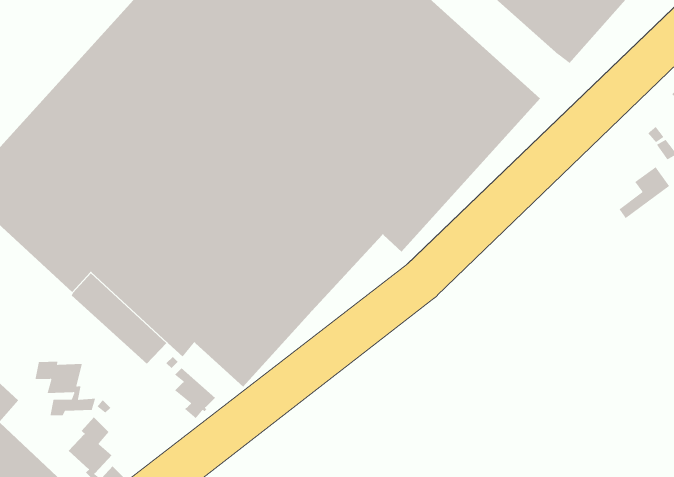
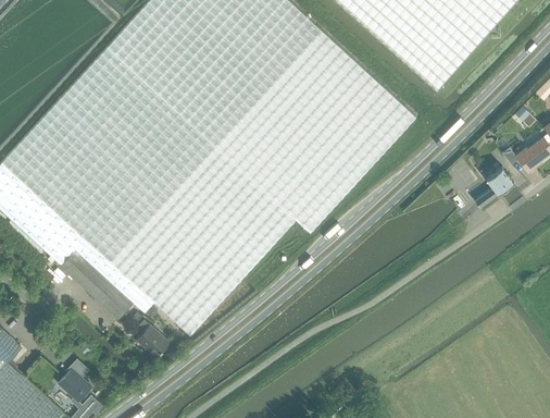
building: [34,361,96,416] -> none

